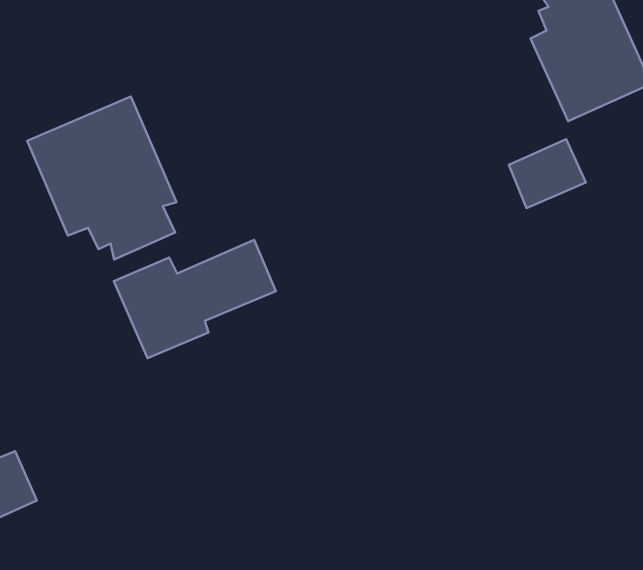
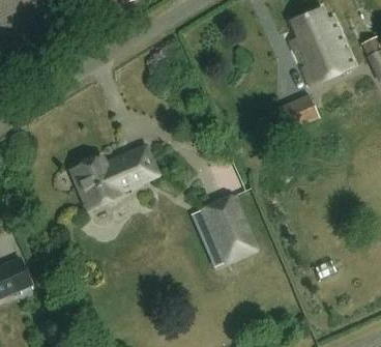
building: [27,97,176,259] -> none
building: none -> [200,194,260,265]

